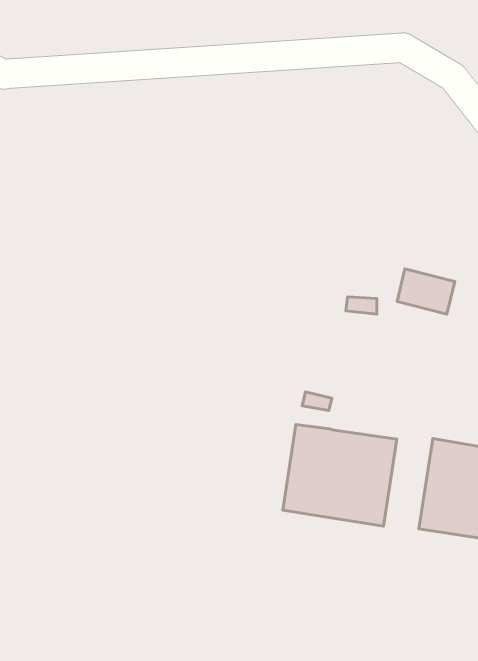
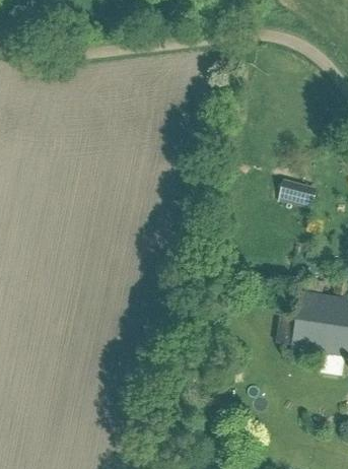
building: [283,424,397,526] -> none

